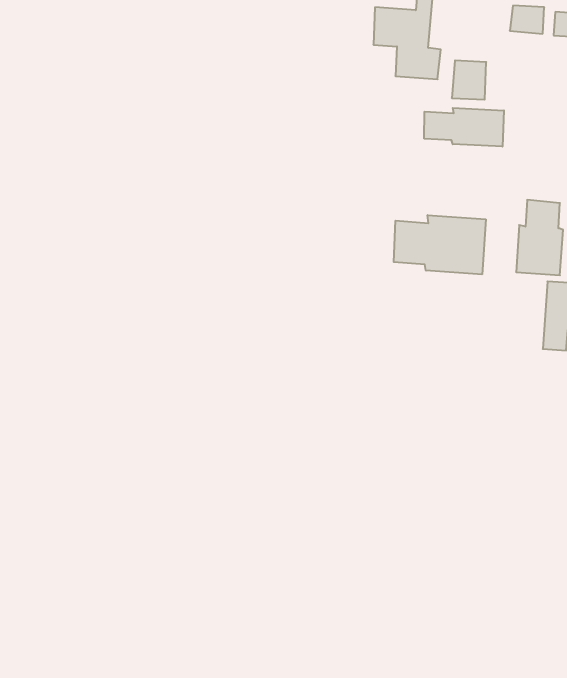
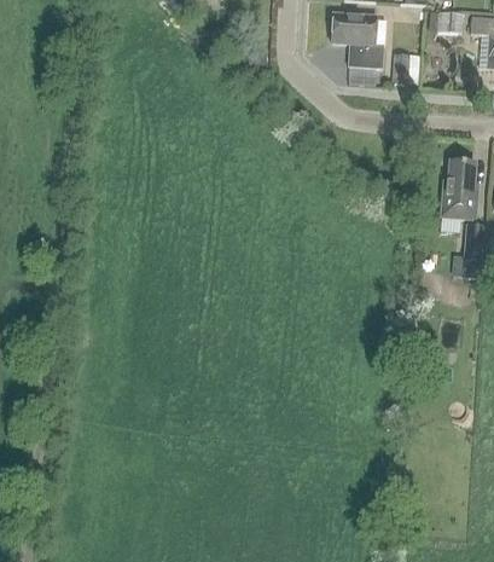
building: [424,108,504,147] -> none
building: [394,215,486,274] -> none

